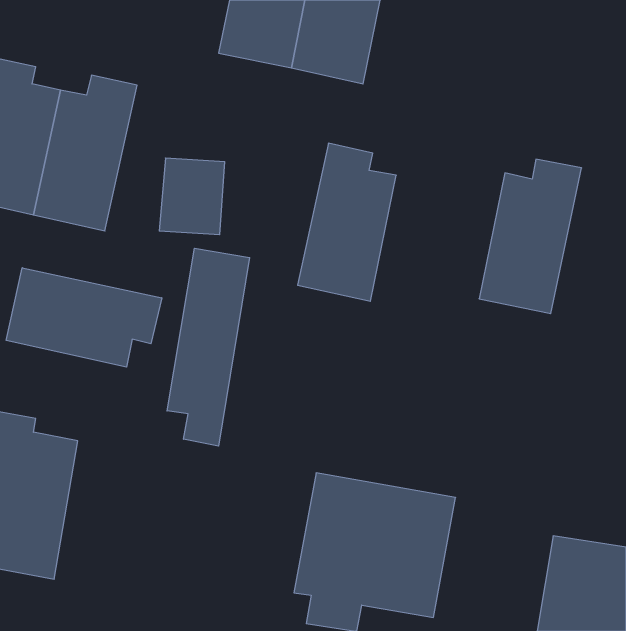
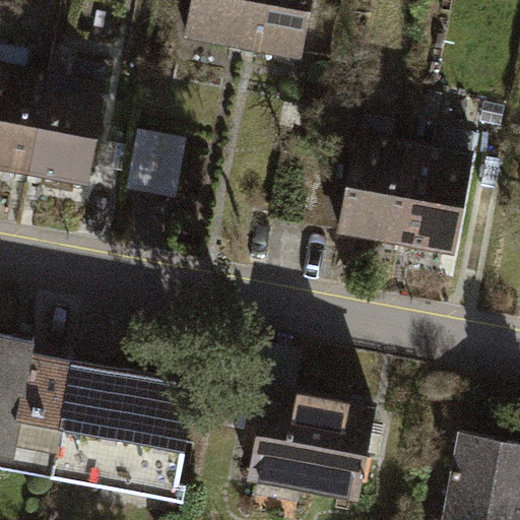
building: [298,143,396,301] -> [334,116,415,246]
building: [167,248,250,446] -> none
building: [6,268,162,367] -> none
building: none -> [45,363,191,498]

